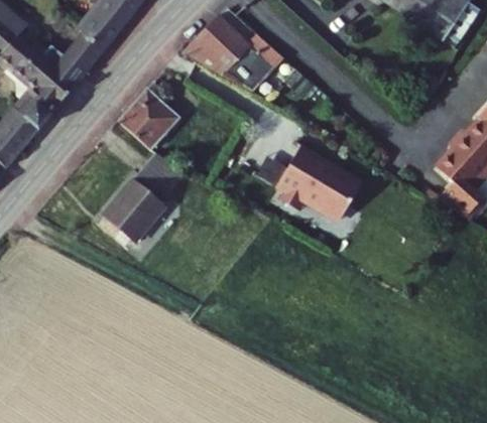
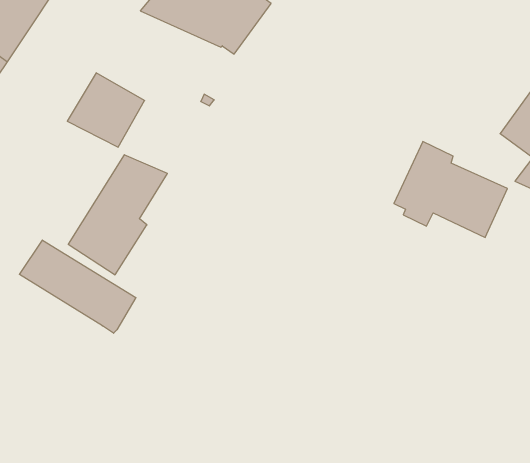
building: [272,146,357,222] -> [394,142,507,237]
building: none -> [19,240,136,333]

